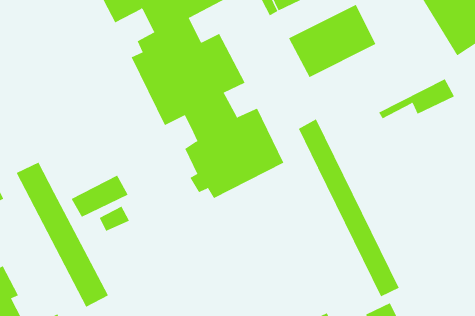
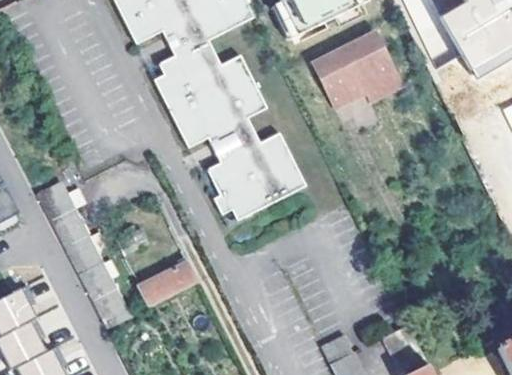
building: [378,78,455,119] -> [330,66,407,107]
building: [298,119,400,297] -> none
building: [71,175,129,218] -> [142,262,200,305]

